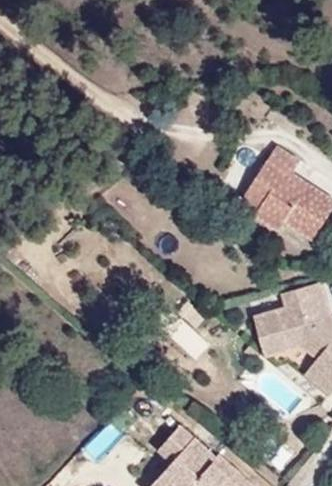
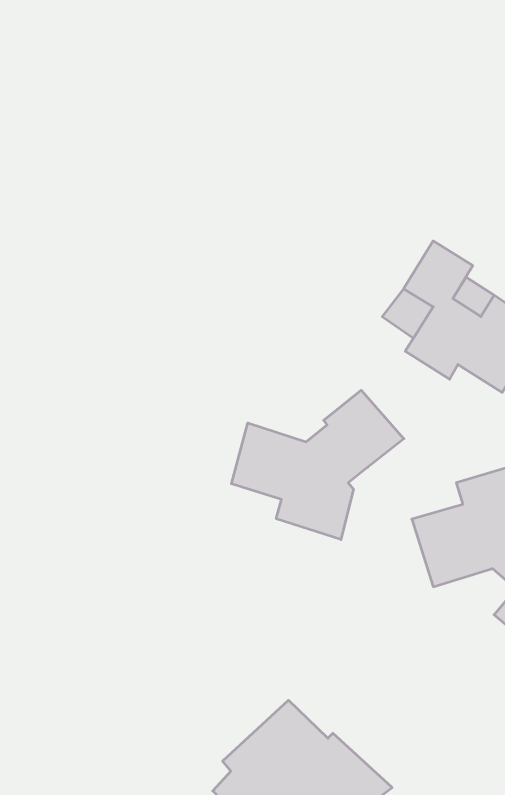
building: none -> [231,390,404,540]

